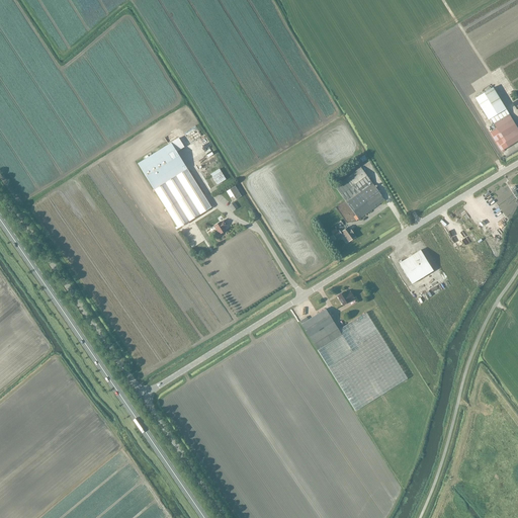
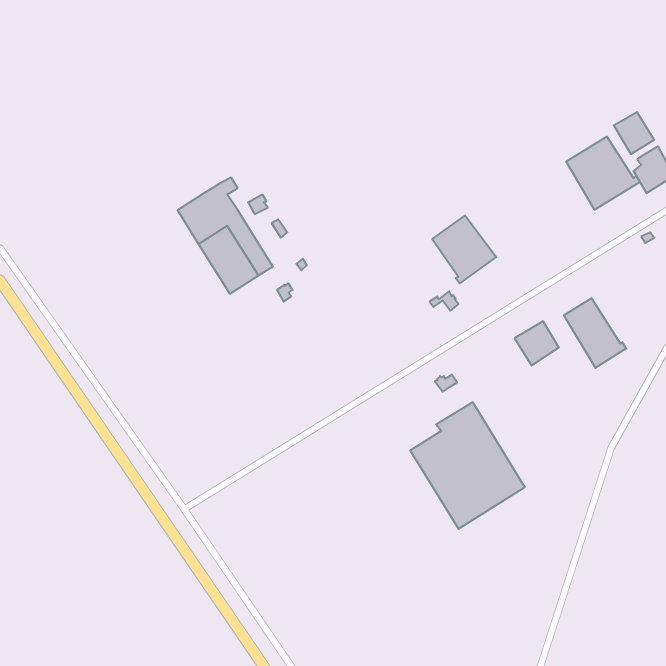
building: none -> [566,137,640,210]
building: none -> [564,298,626,368]
building: [303,308,343,349] -> none

